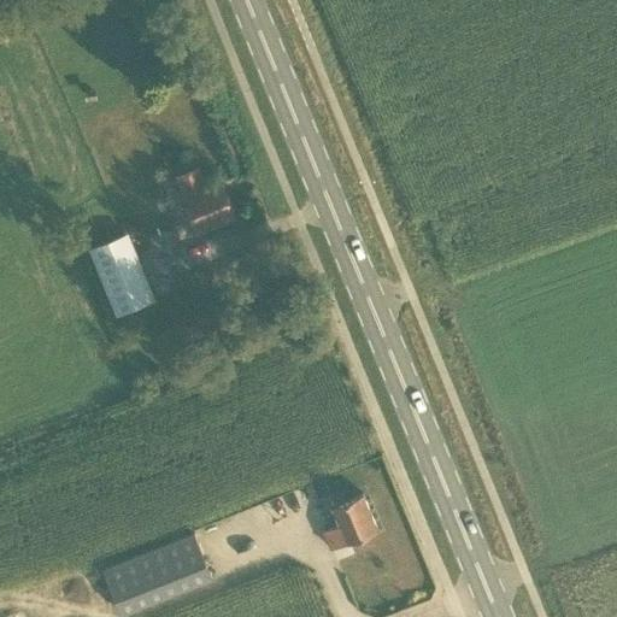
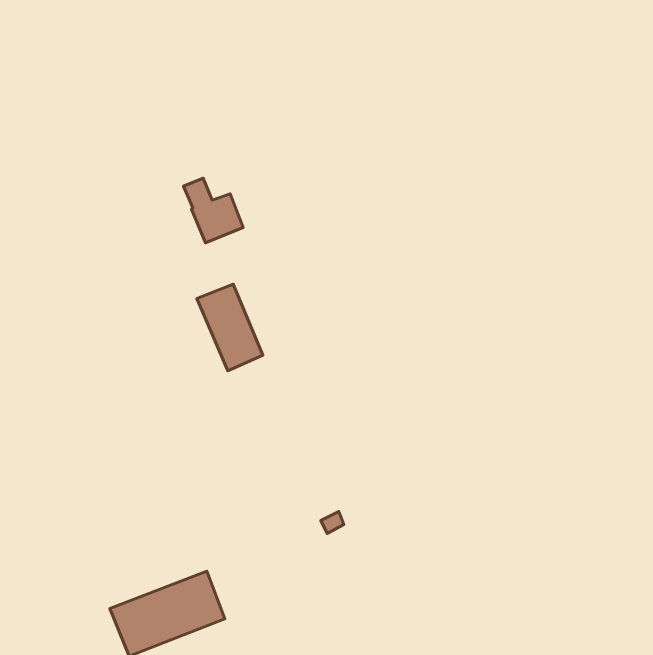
building: [92,234,153,315] -> [197,284,263,371]
building: [317,496,370,552] -> none

